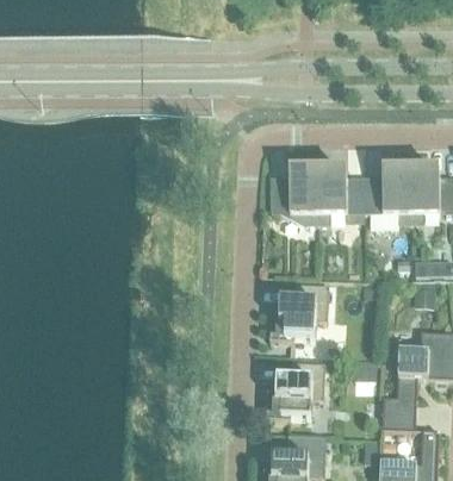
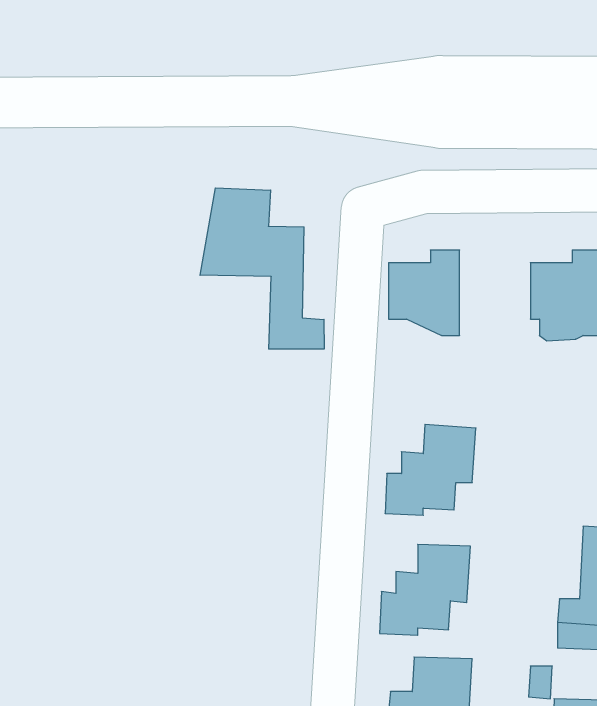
building: none -> [200,188,324,349]
building: [317,165,364,221] -> none

